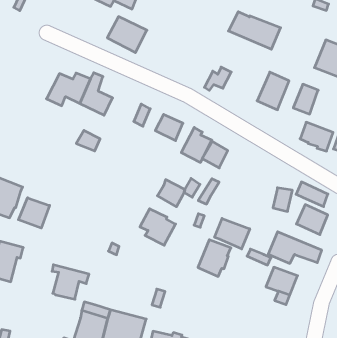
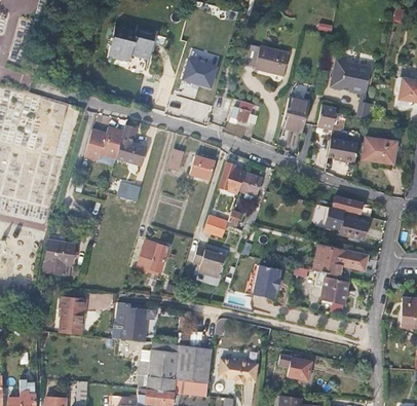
building: [107,17,147,53] -> [182,58,218,88]
building: none -> [138,239,166,269]
building: [18,198,50,228] -> none
building: [215,218,250,249] -> none

